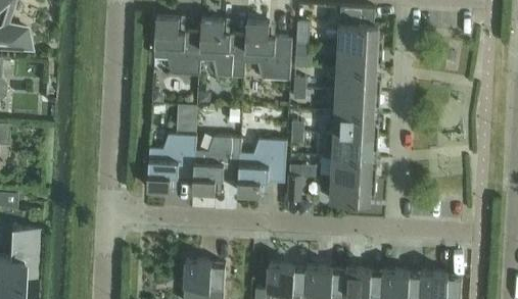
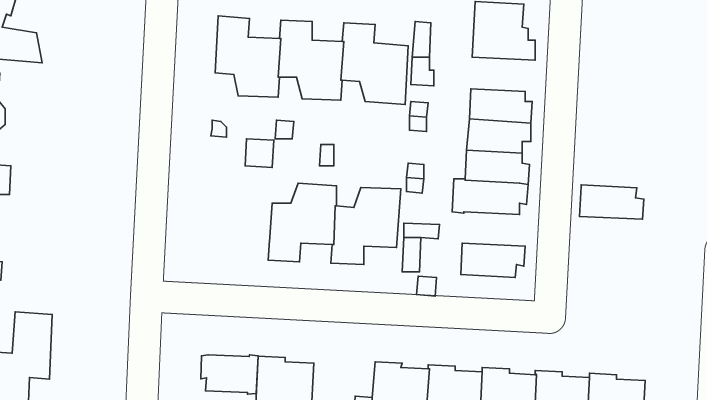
building: [337,47,383,71] -> none
building: [147,135,196,190] -> none
building: [331,157,377,182] -> [580,185,644,219]
building: none -> [201,355,258,394]

